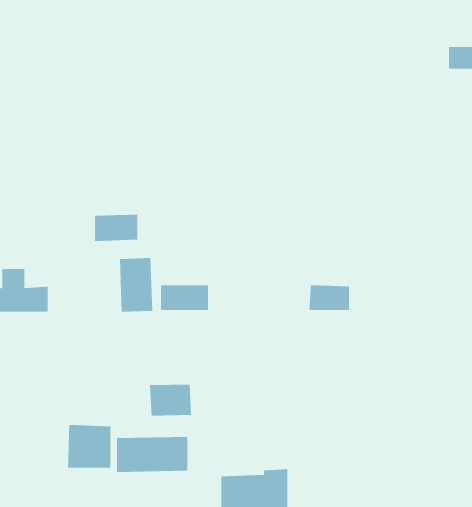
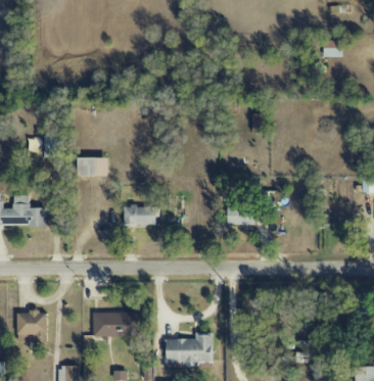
building: [119,257,153,312] -> none
building: [149,384,192,416] -> none
building: [67,424,111,468] -> [16,312,47,342]

